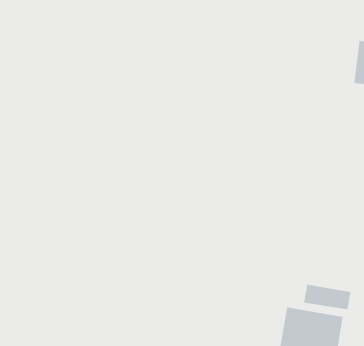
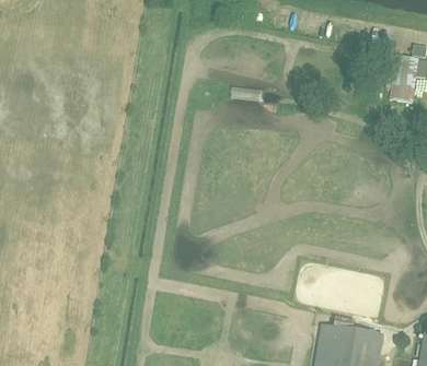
building: [303,284,351,310] -> none

